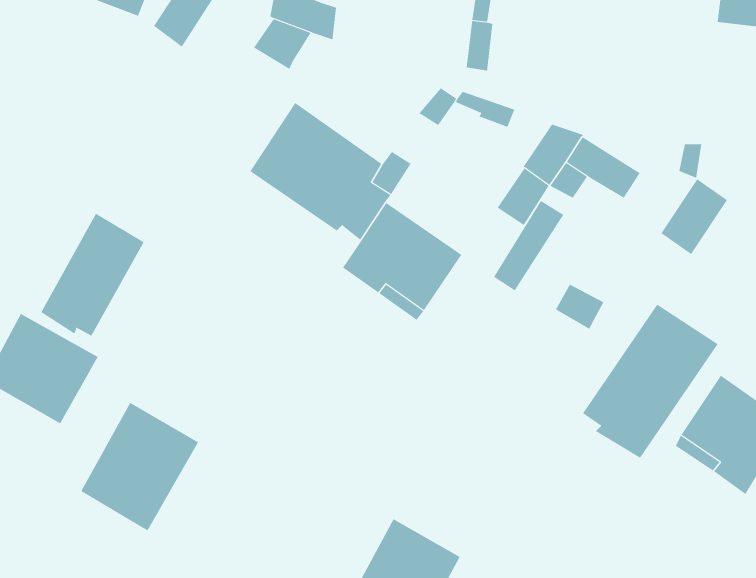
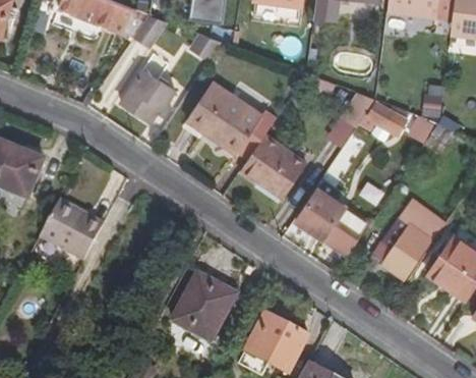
building: none -> [120,69,175,122]
building: [41,213,144,336] -> none
building: none -> [296,187,370,256]
building: [81,402,199,531] -> [171,269,237,341]

